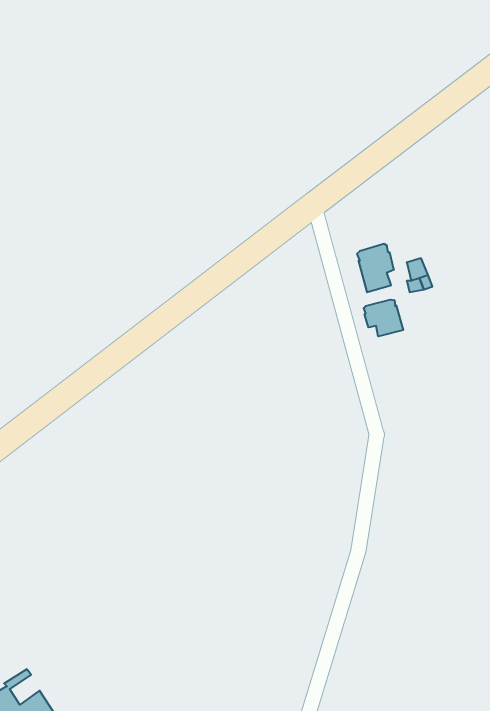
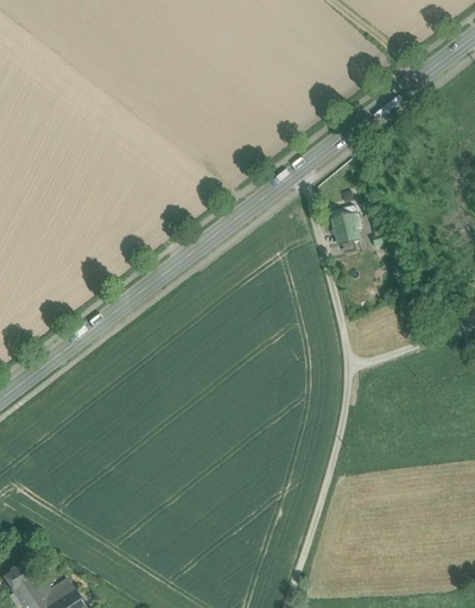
building: [364,300,403,336] -> none

